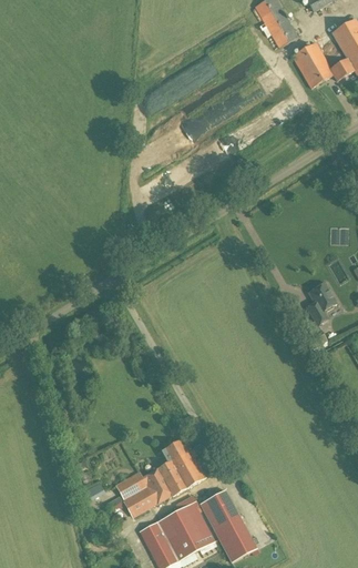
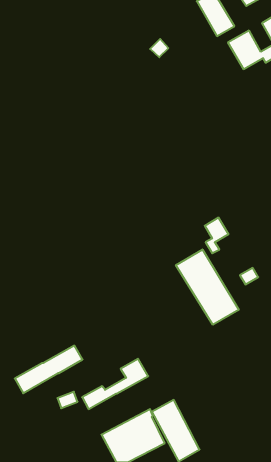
building: [307,282,336,325] -> [205,218,229,253]
building: none -> [176,249,239,325]
building: [122,459,204,517] -> [15,346,83,393]

